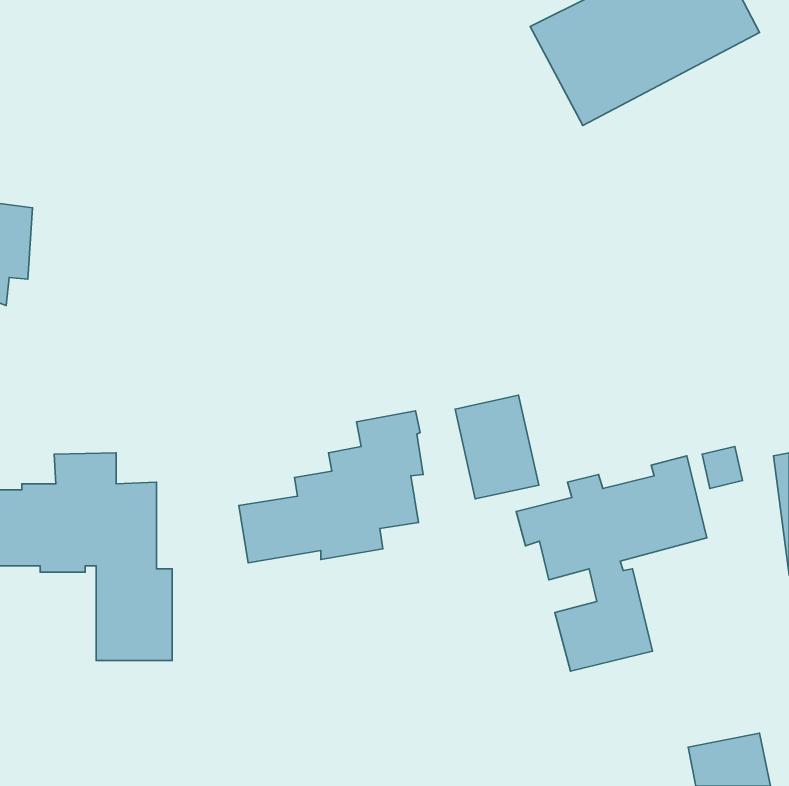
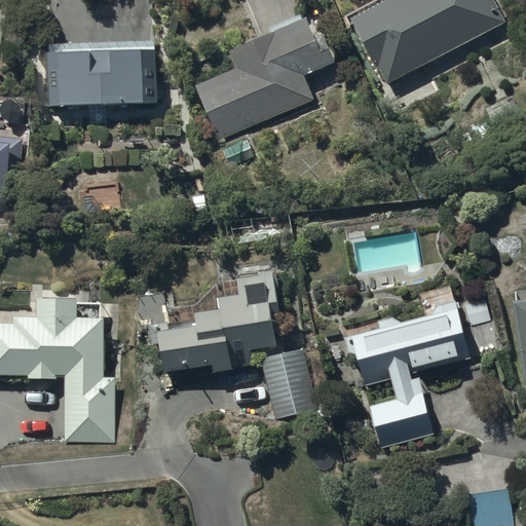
building: none -> [195,15,336,139]
building: none -> [46,38,156,108]
building: [455,395,539,499] -> [260,349,315,418]

